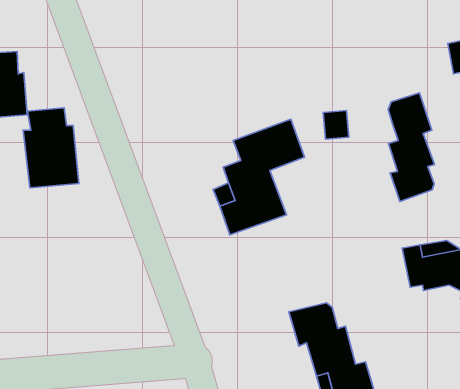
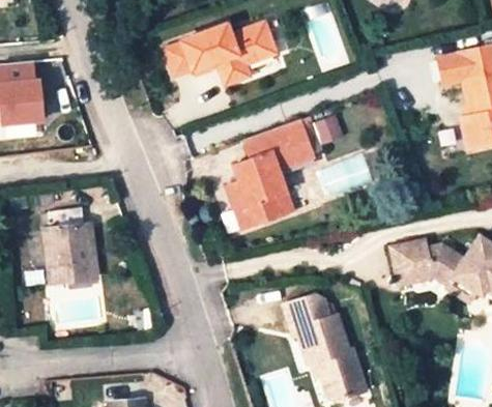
building: none -> [173,20,285,88]
building: [388,93,435,202] -> none
building: [23,108,79,188] -> [51,209,103,284]

